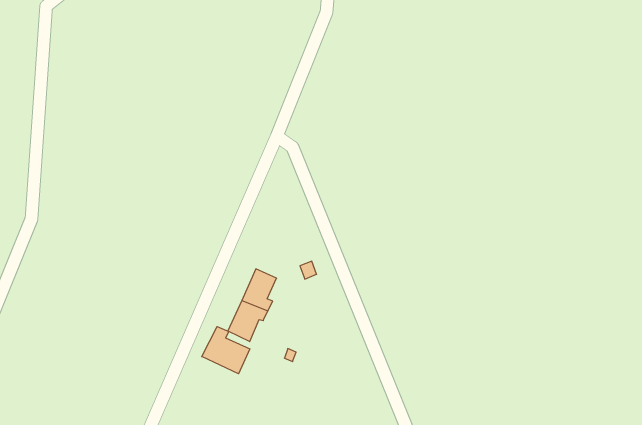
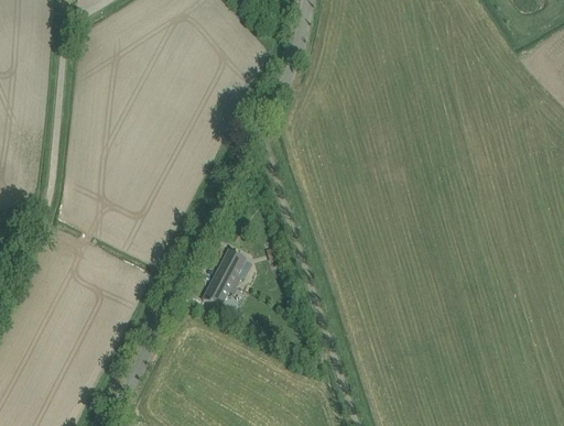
building: [202,327,250,374] -> none

